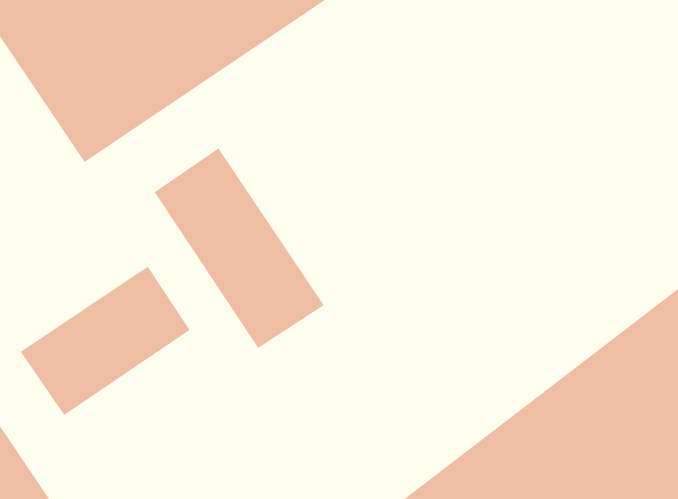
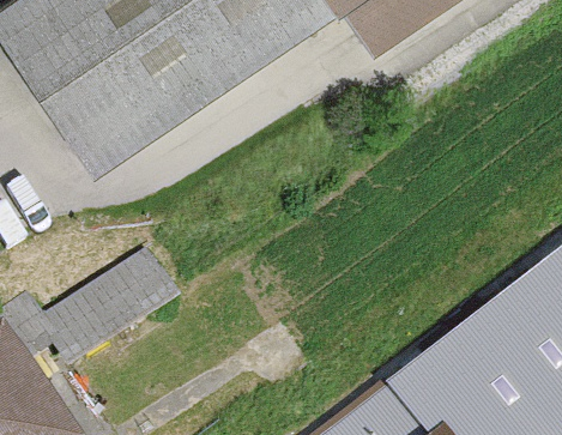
building: [154,148,324,349] -> none

